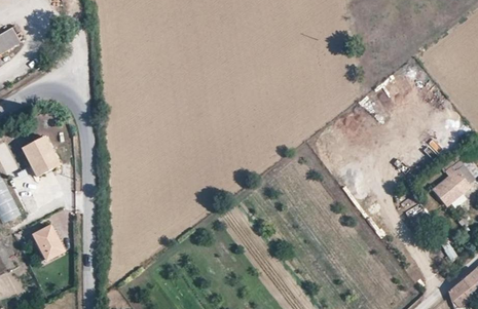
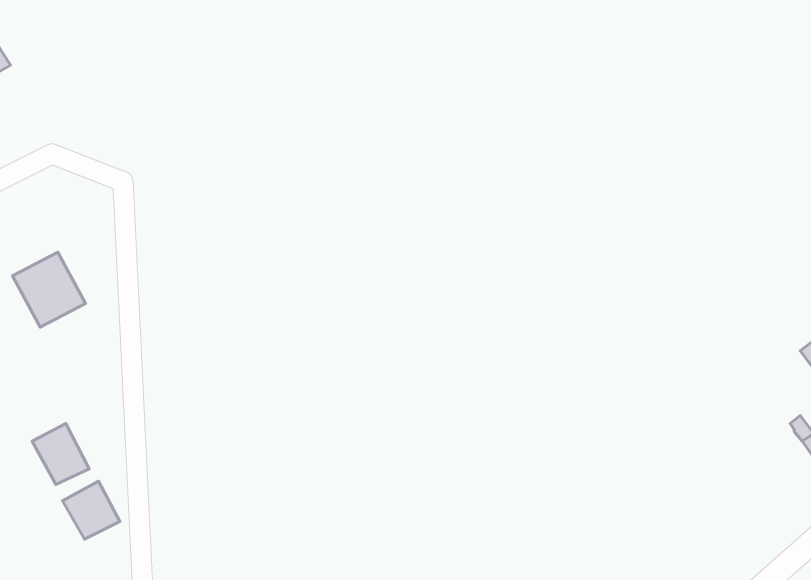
building: none -> [62,481,120,539]

